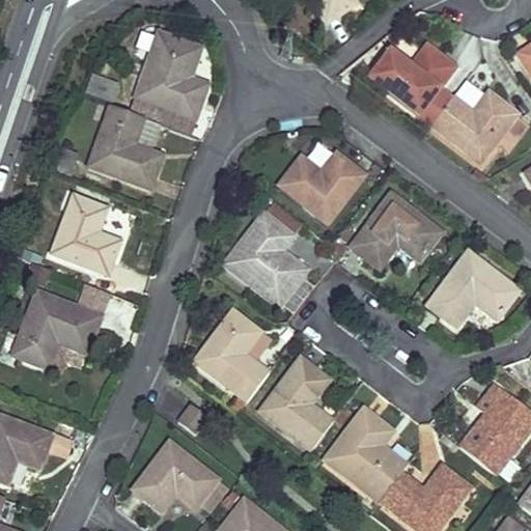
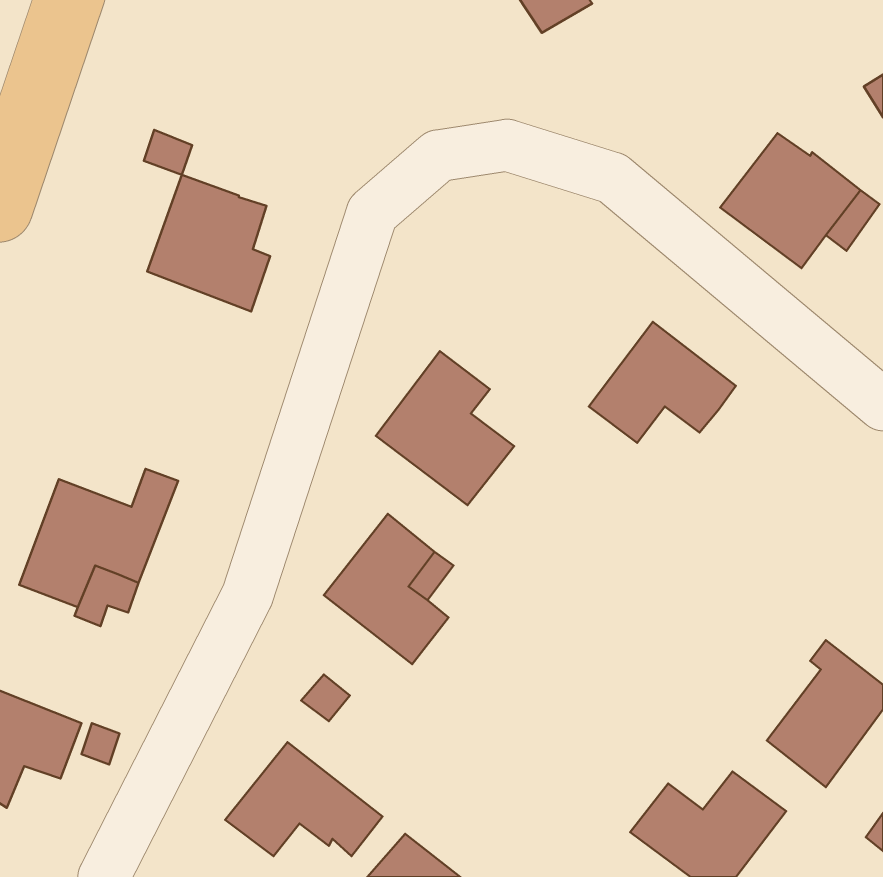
building: [135,32,207,117] -> none
building: [369,47,454,114] -> none
building: [280,151,364,220] -> none
building: [52,193,121,272] -> none
building: [428,251,518,324] -> none
building: [260,356,334,447] -> none
building: [323,407,408,499] -> none

